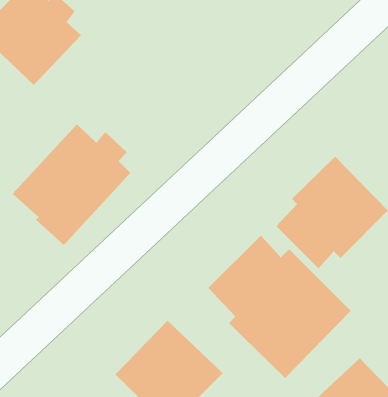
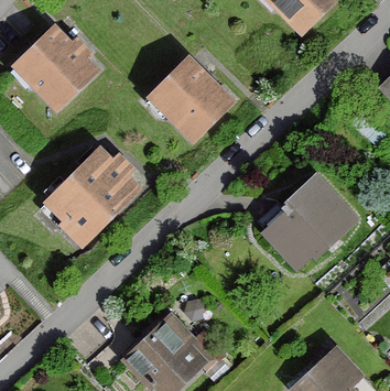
building: none -> [145,55,234,143]
building: [208,235,351,379] -> none

